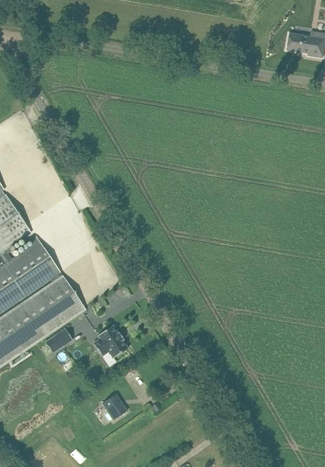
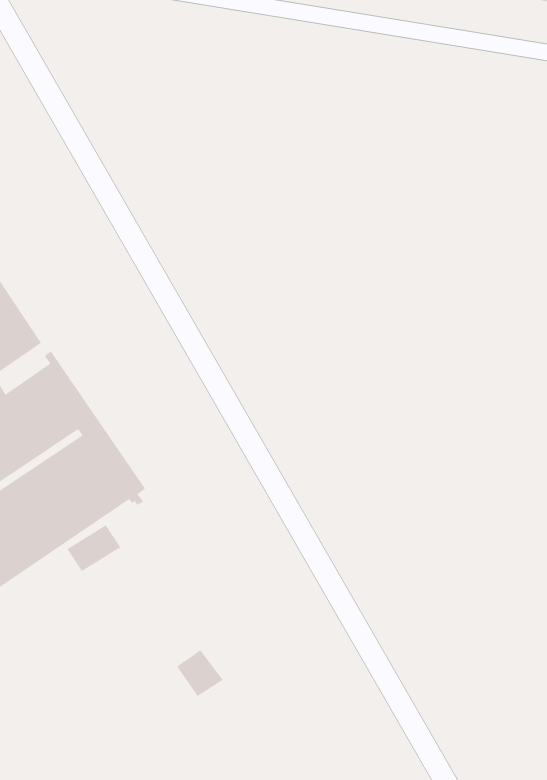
building: [93,324,128,357] -> none

